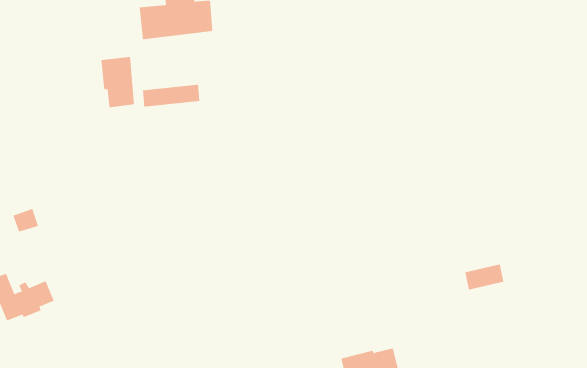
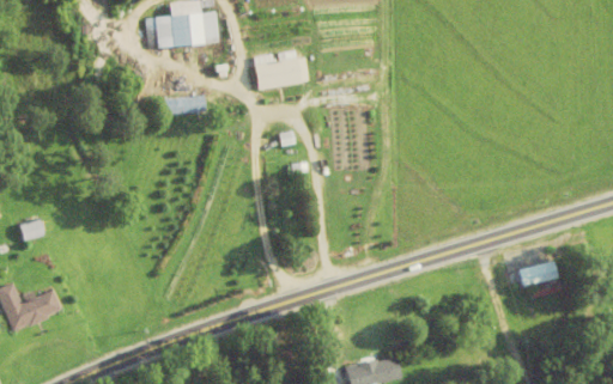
building: none -> [253,50,308,91]
building: [101,56,135,108] -> none
building: [464,264,504,290] -> [517,261,557,287]

